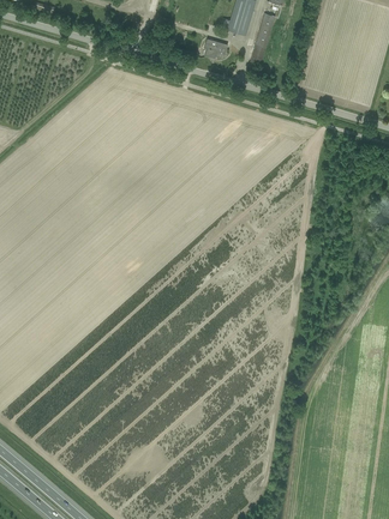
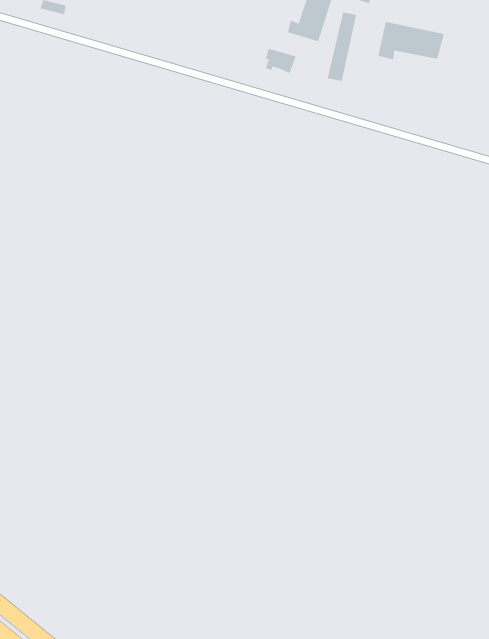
building: none -> [378,21,444,60]

